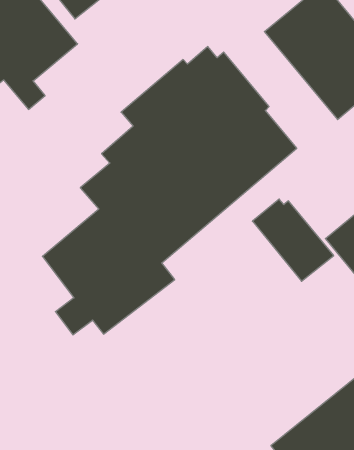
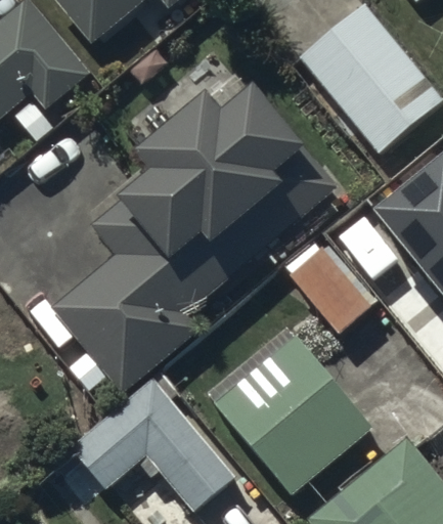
building: none -> [206,325,371,494]
building: none -> [70,374,235,513]

